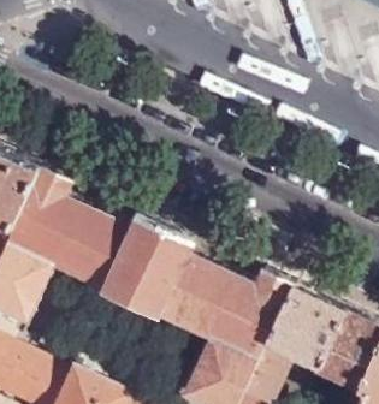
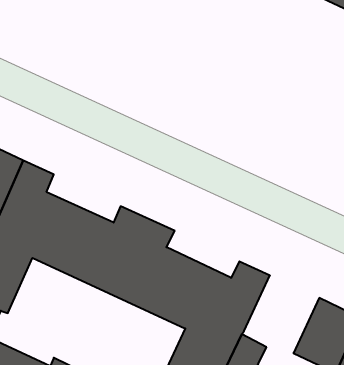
building: [266,284,343,363] -> none

